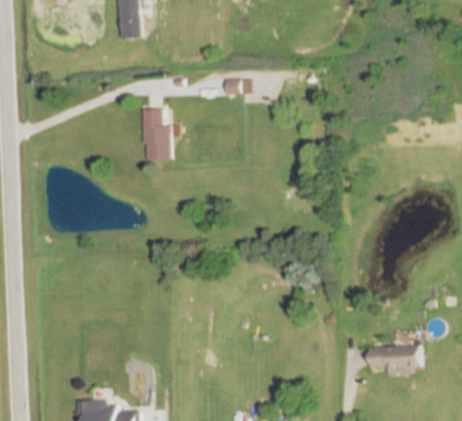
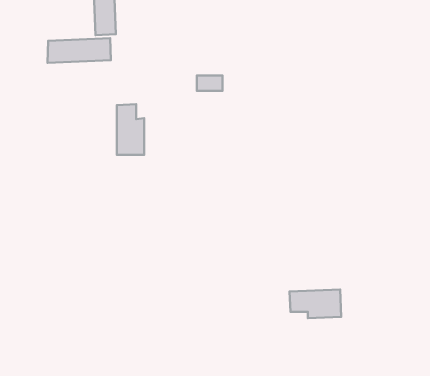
building: none -> [47,38,111,63]
building: [368,344,420,373] -> [289,290,341,318]

